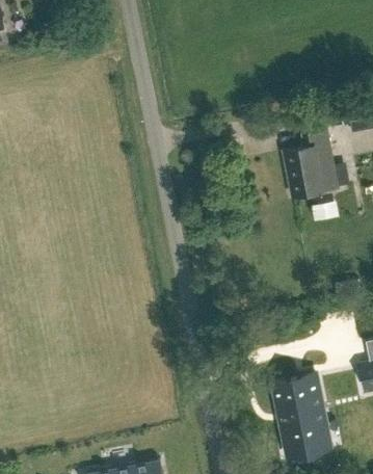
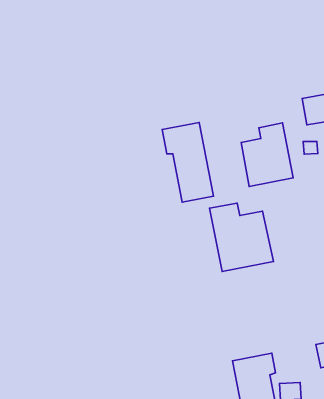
building: none -> [162,123,214,202]
building: none -> [210,203,273,271]

